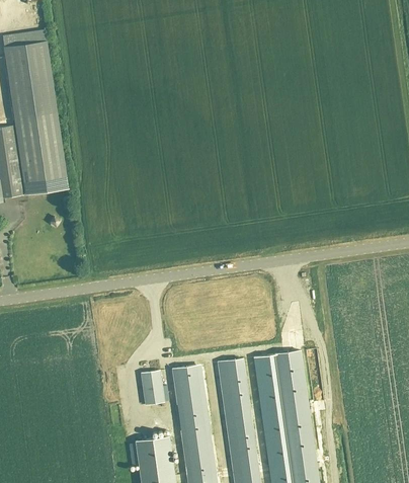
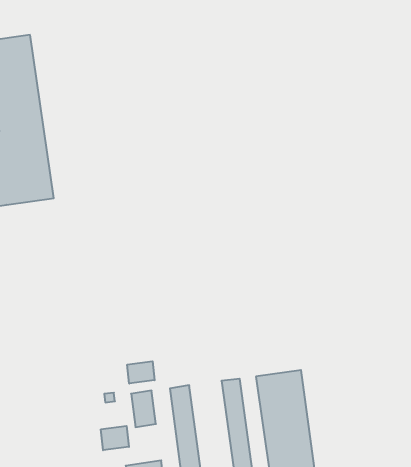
building: none -> [127,361,155,384]
building: none -> [101,426,129,450]

